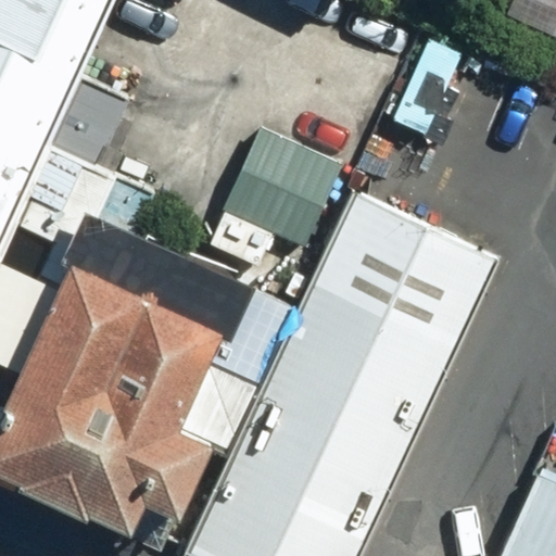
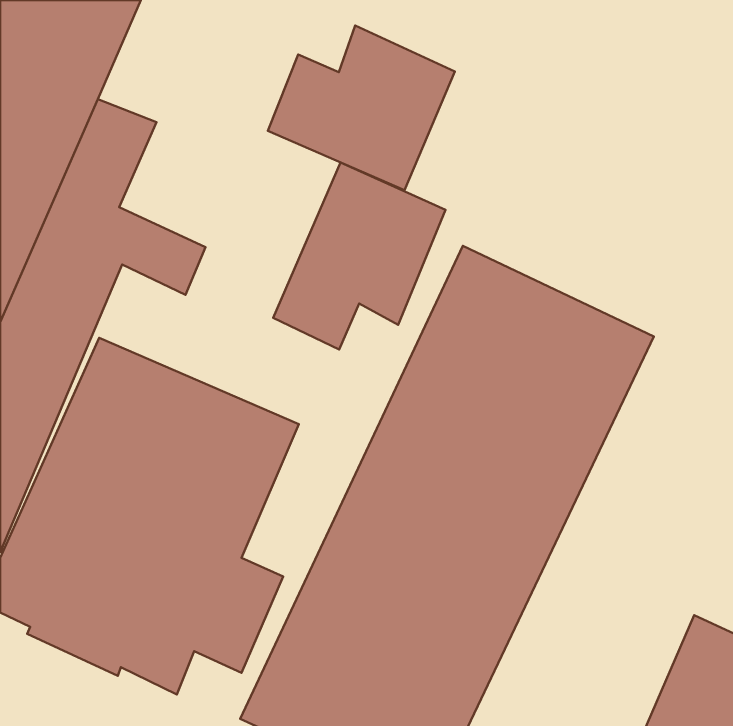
building: none -> [268,25,455,190]

